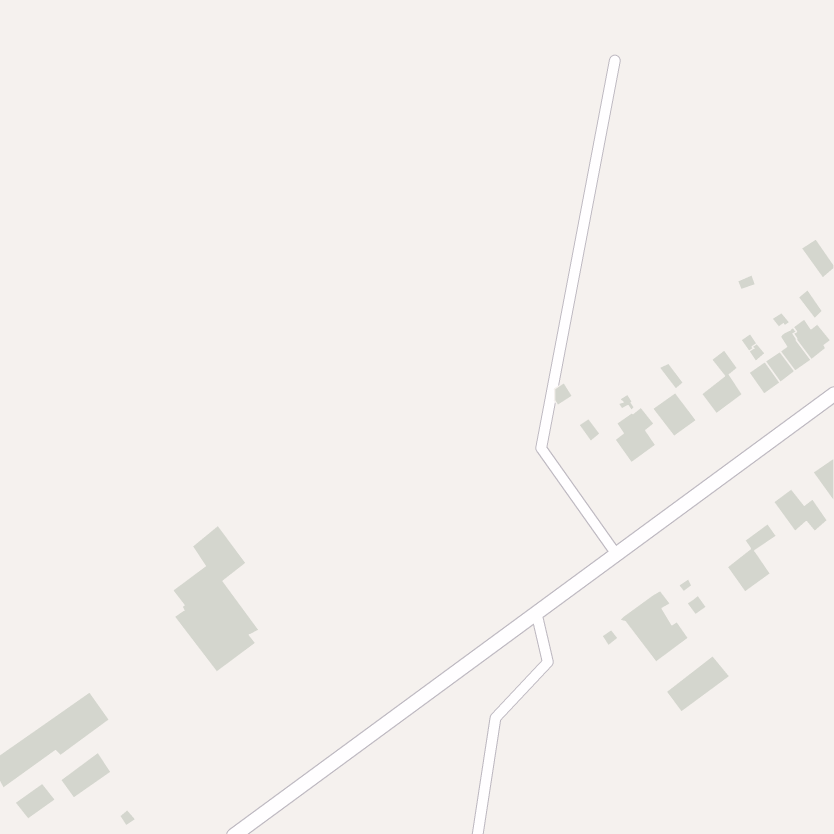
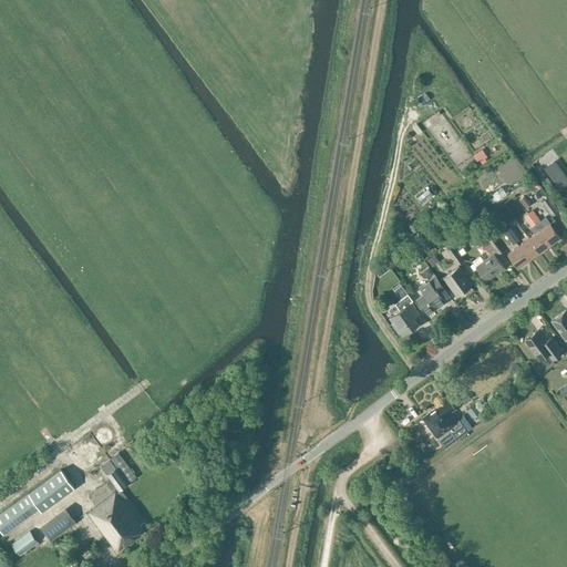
building: none -> [391,298,416,334]
building: [727,523,777,592] -> none
building: [173,525,259,672] -> [86,452,145,551]
building: [666,655,730,712] -> none

